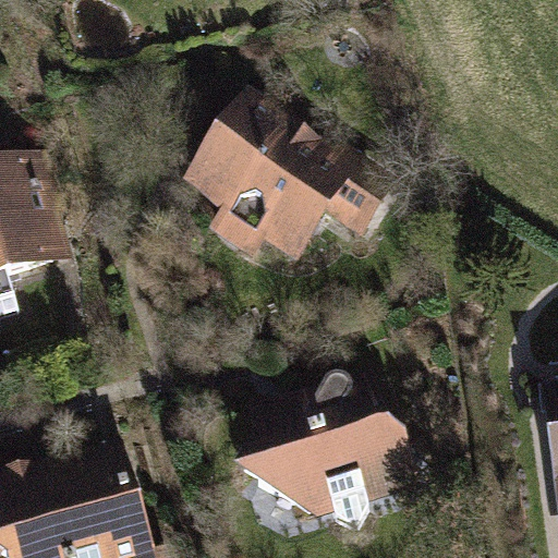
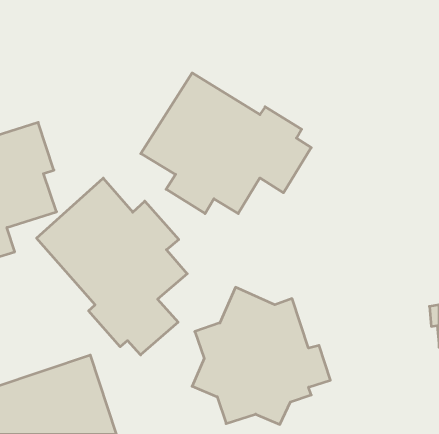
building: none -> [37,178,187,355]

